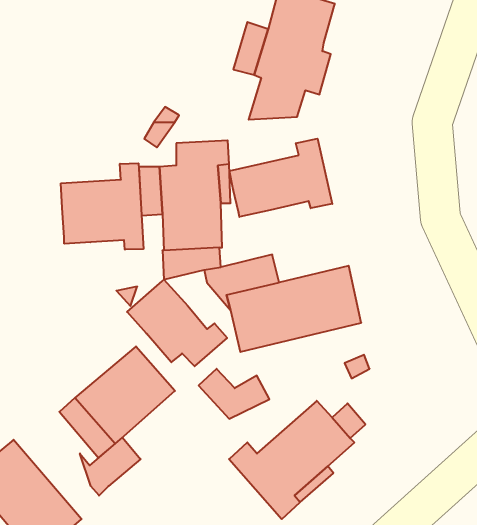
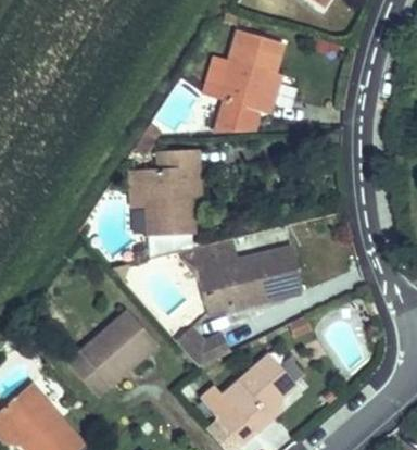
building: [229,139,332,217] -> none
building: [61,163,143,250] -> none
building: [127,280,227,366] -> none
building: [80,438,141,496] -> none

